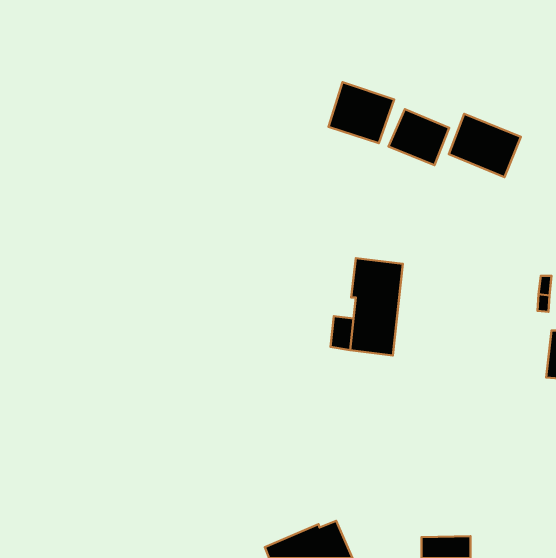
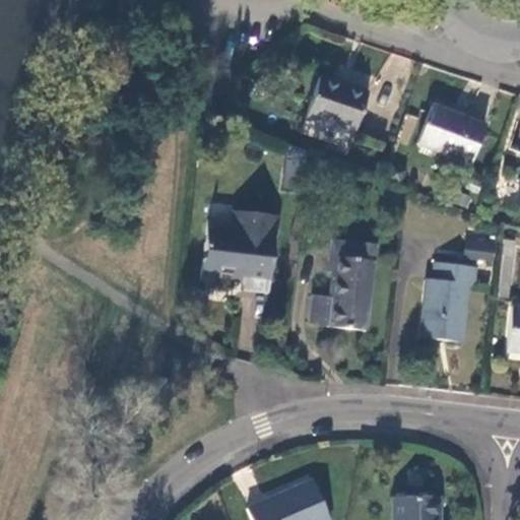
building: [389,109,449,165] -> none
building: none -> [203,209,278,291]
building: none -> [422,262,477,341]

